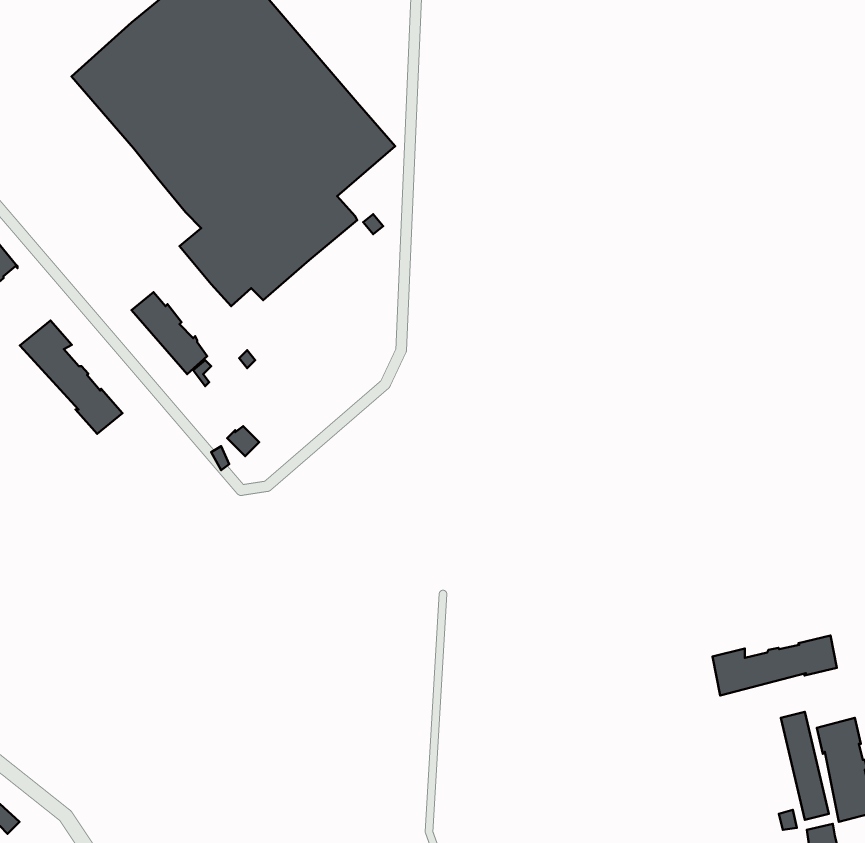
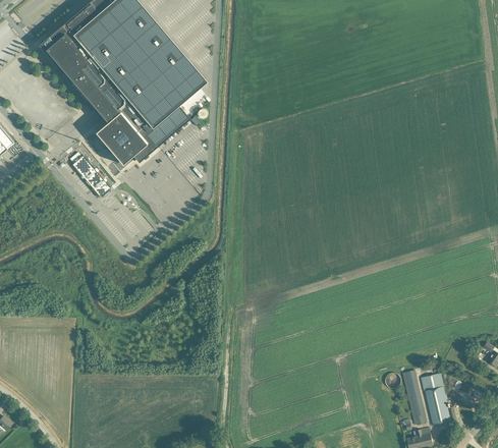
building: [20,321,123,434] -> none
building: [712,636,837,695] -> none

